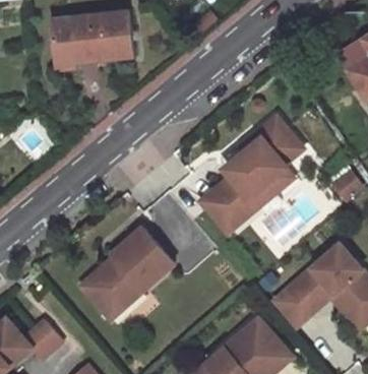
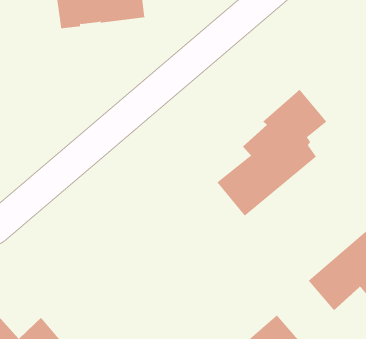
building: [79,229,171,319] -> none

